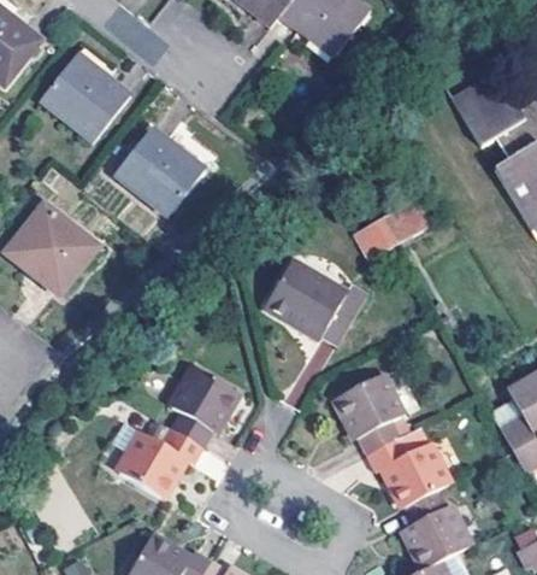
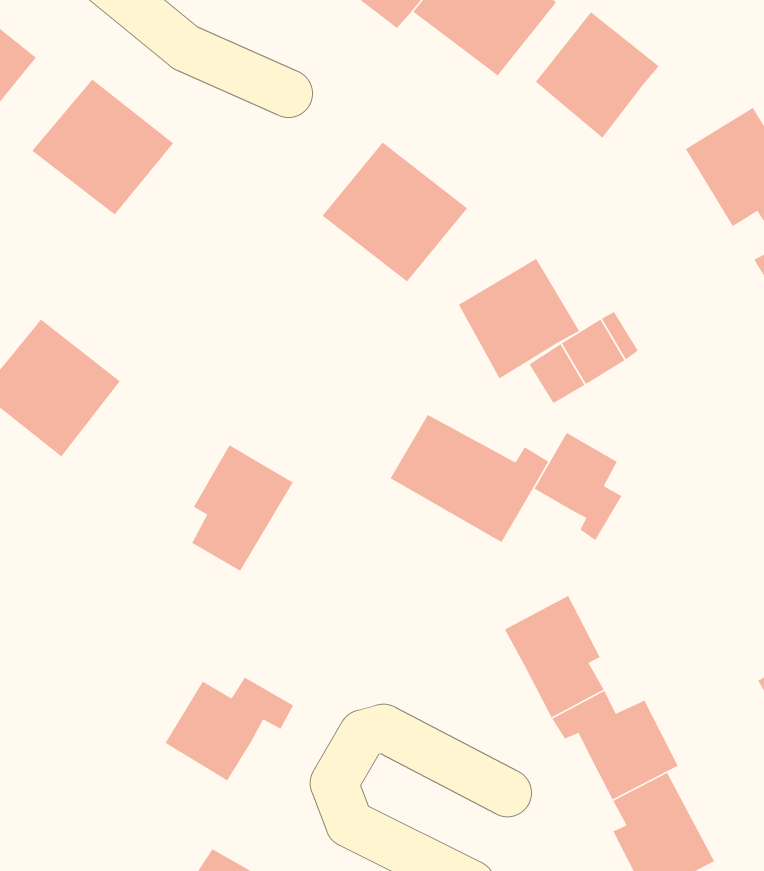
building: none -> [535,11,660,139]
building: [113,128,206,217] -> [321,142,468,283]
building: none -> [458,258,580,379]
building: none -> [534,432,623,541]
building: [172,369,237,450] -> [191,444,294,572]

